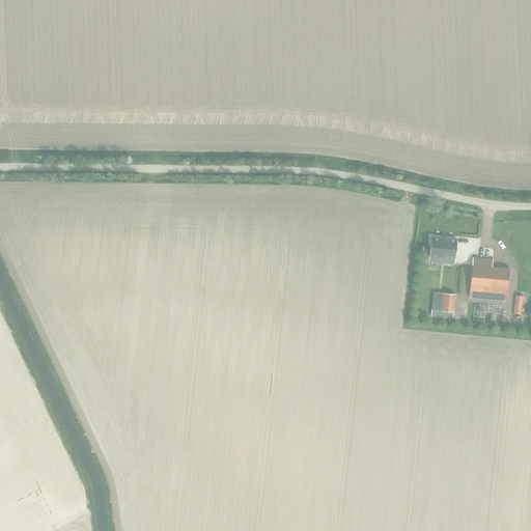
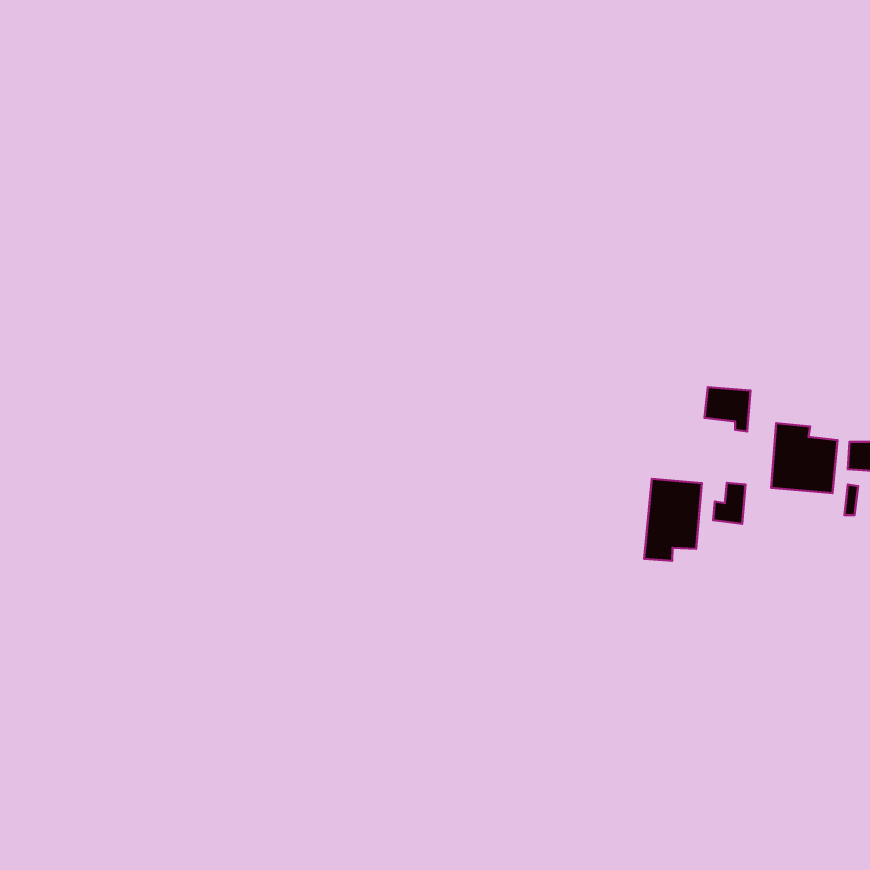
building: none -> [644,479,702,561]

